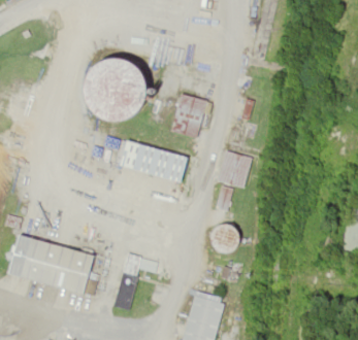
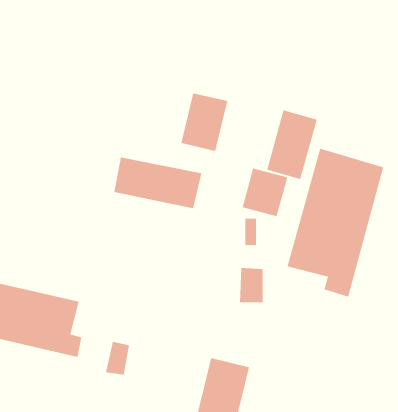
building: [88,58,144,126] -> none
building: none -> [267,110,317,180]
building: none -> [287,148,384,297]

